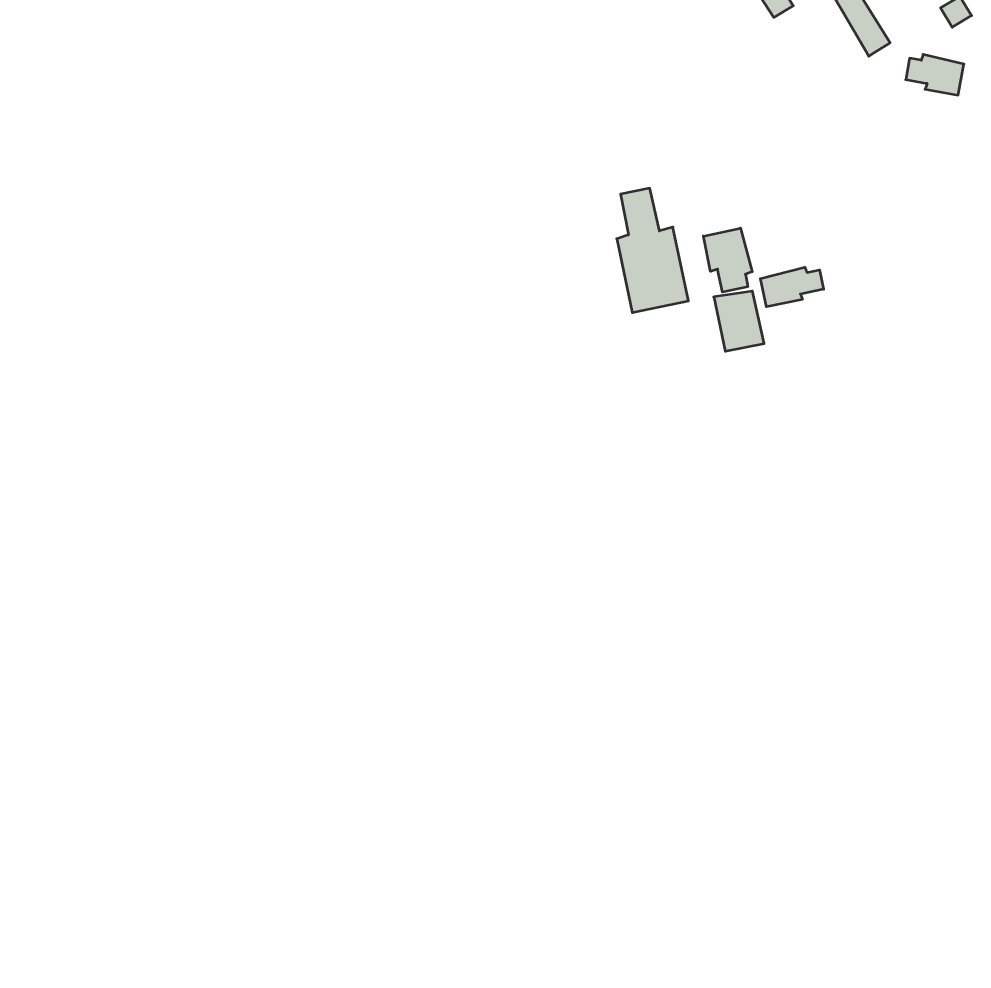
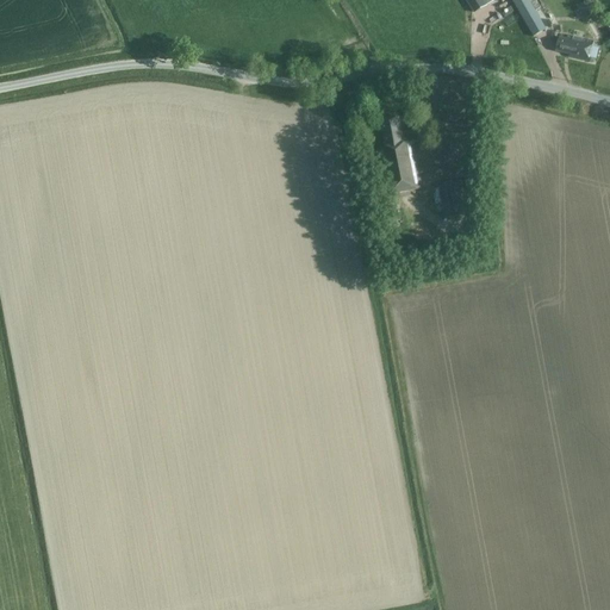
building: [703,228,752,292] -> none
building: [760,267,824,307] -> none

